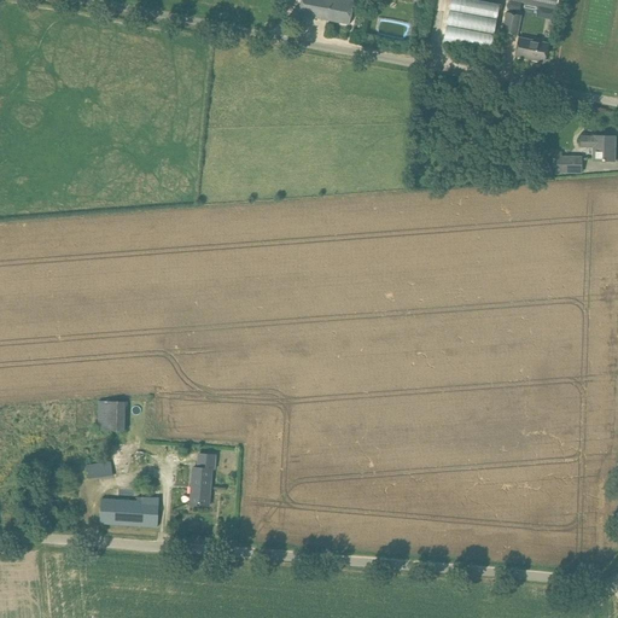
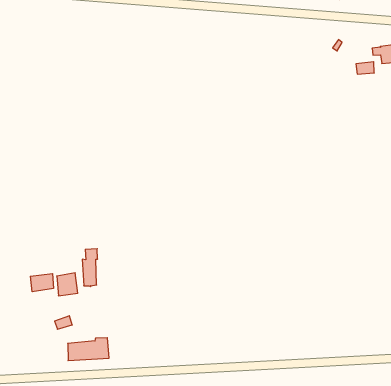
building: none -> [30,274,53,292]
building: [191,453,216,506] -> [82,249,98,287]

